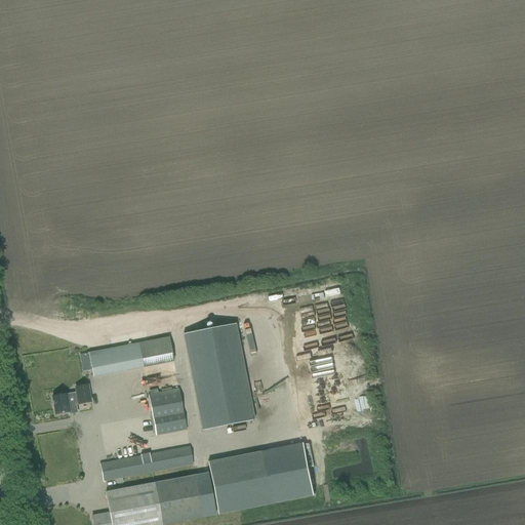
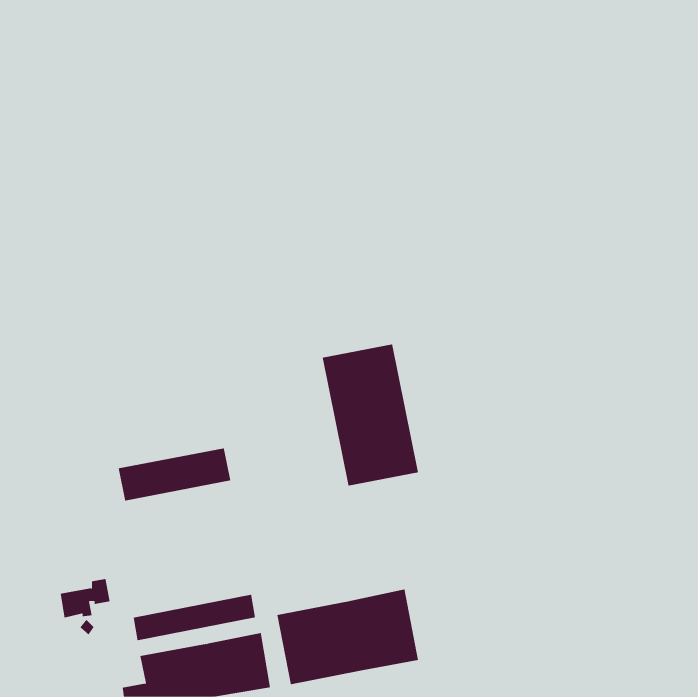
building: [184,322,256,429] -> [322,344,419,486]
building: [53,383,91,413] -> [60,578,110,618]
building: [149,387,187,434] -> none

